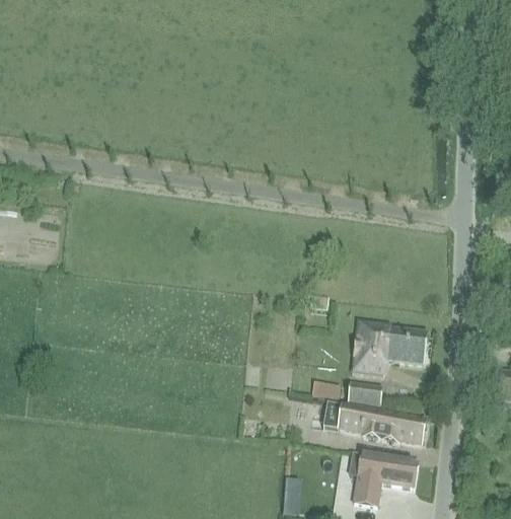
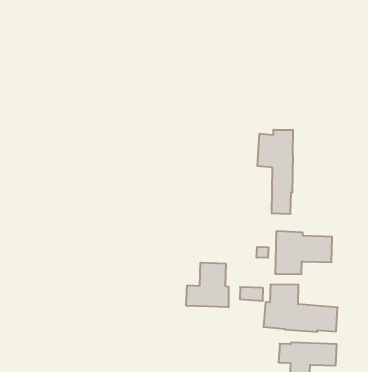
building: none -> [257,130,293,214]
building: none -> [186,263,229,307]

